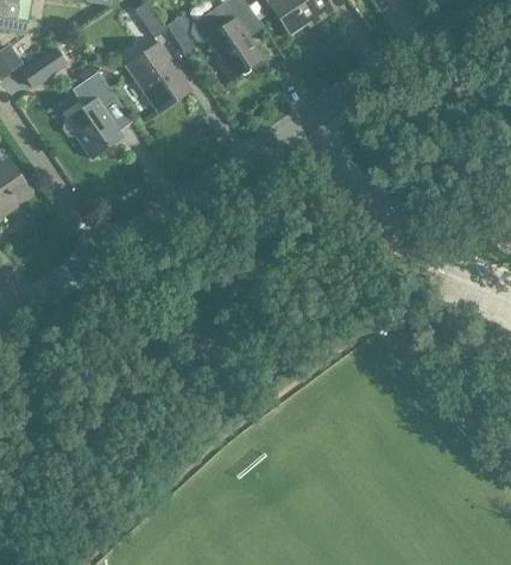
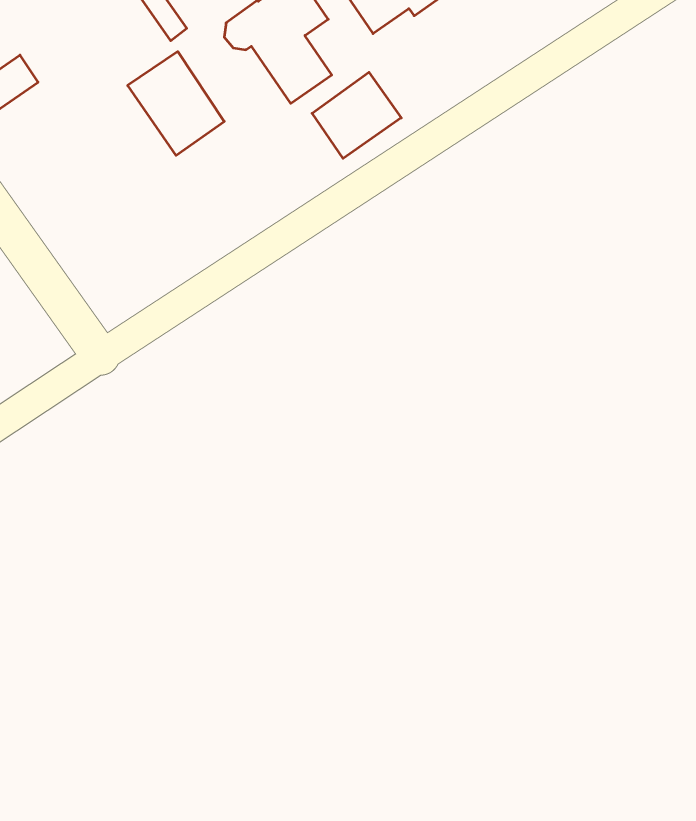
building: none -> [312,72,401,158]
building: [63,73,121,158] -> none

